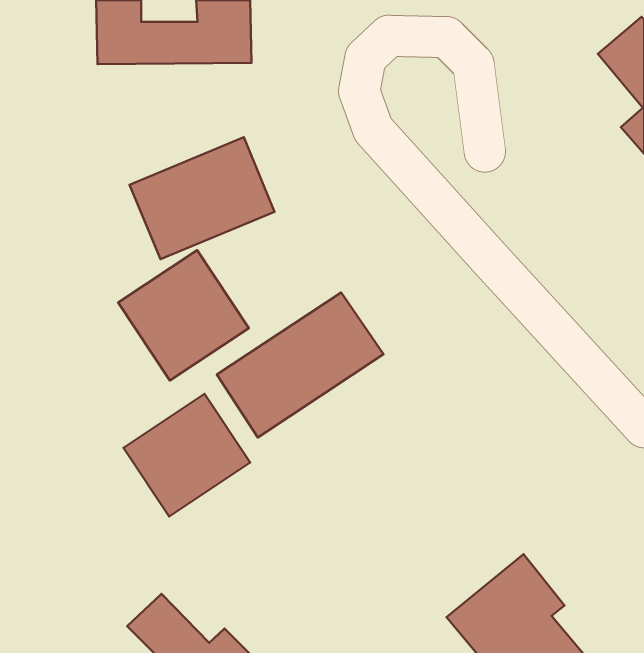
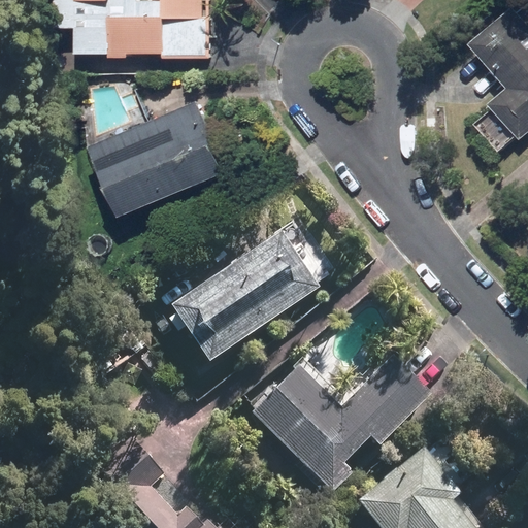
building: [118,250,249,381] -> none
building: [123,394,250,516] -> none
building: none -> [252,359,422,486]

